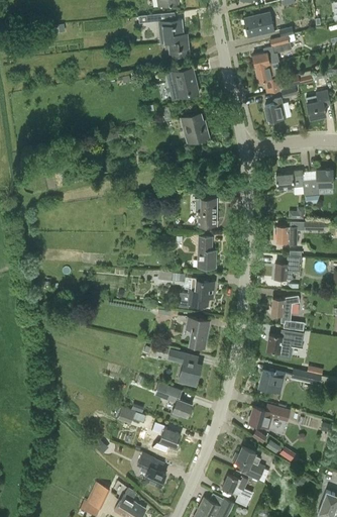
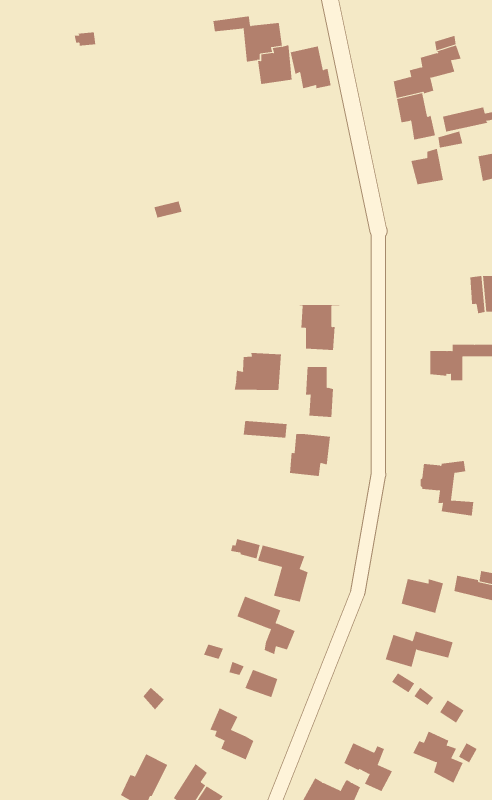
building: [244,12,274,37] -> none
building: [173,68,199,95] -> [290,46,331,89]
building: [183,113,209,141] -> none
building: [275,171,303,192] -> none
building: none -> [234,352,281,391]
building: [274,255,302,280] -> none
building: [186,316,210,348] -> none
building: [266,330,303,352] -> none
building: [232,446,264,480] -> [412,731,463,784]

